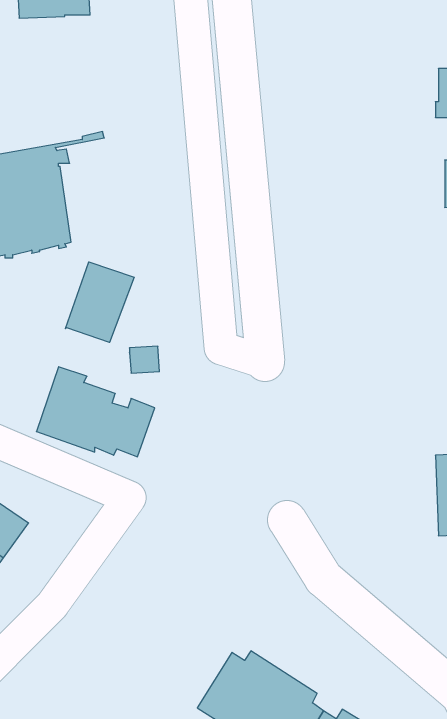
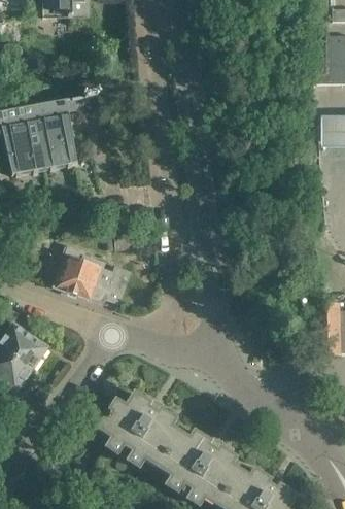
building: [65,262,134,342] -> none
building: none -> [96,393,180,468]

